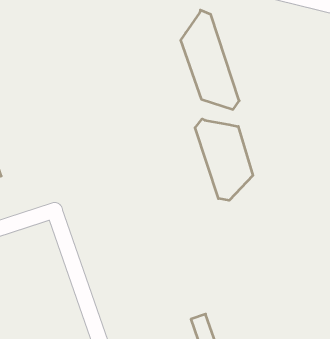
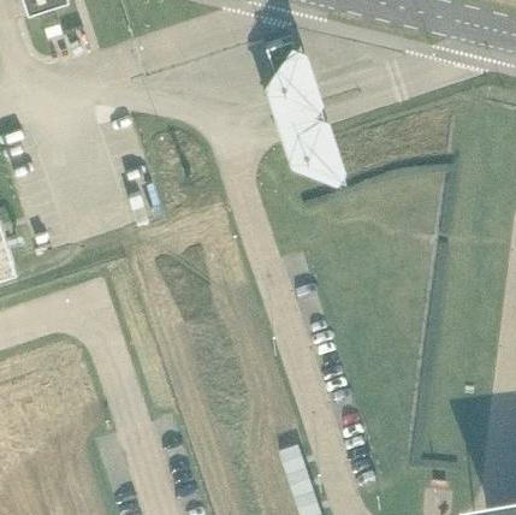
building: [195,119,253,200] -> none

